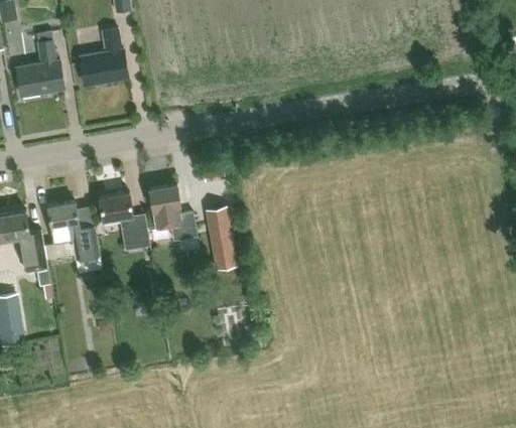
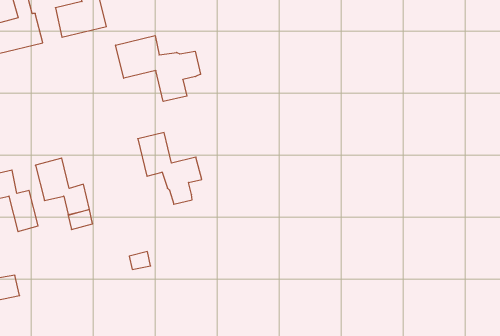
building: none -> [116,36,201,101]
building: [100,193,148,249] -> none
building: [209,206,233,257] -> none

